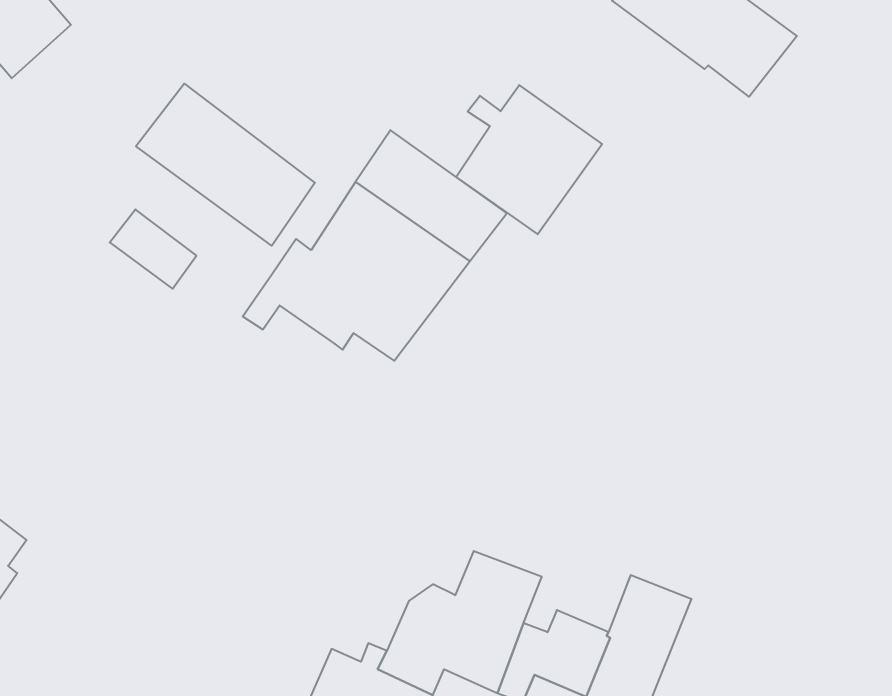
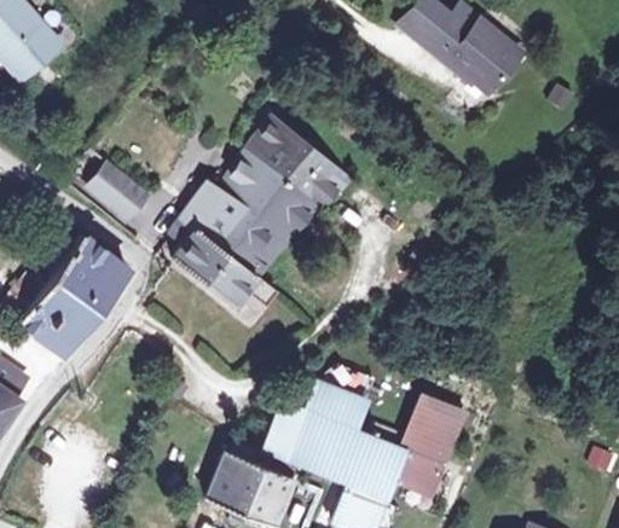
building: [136,84,315,246] -> none
building: [456,85,602,234] -> none
building: none -> [172,228,282,309]
building: none -> [16,237,128,356]

